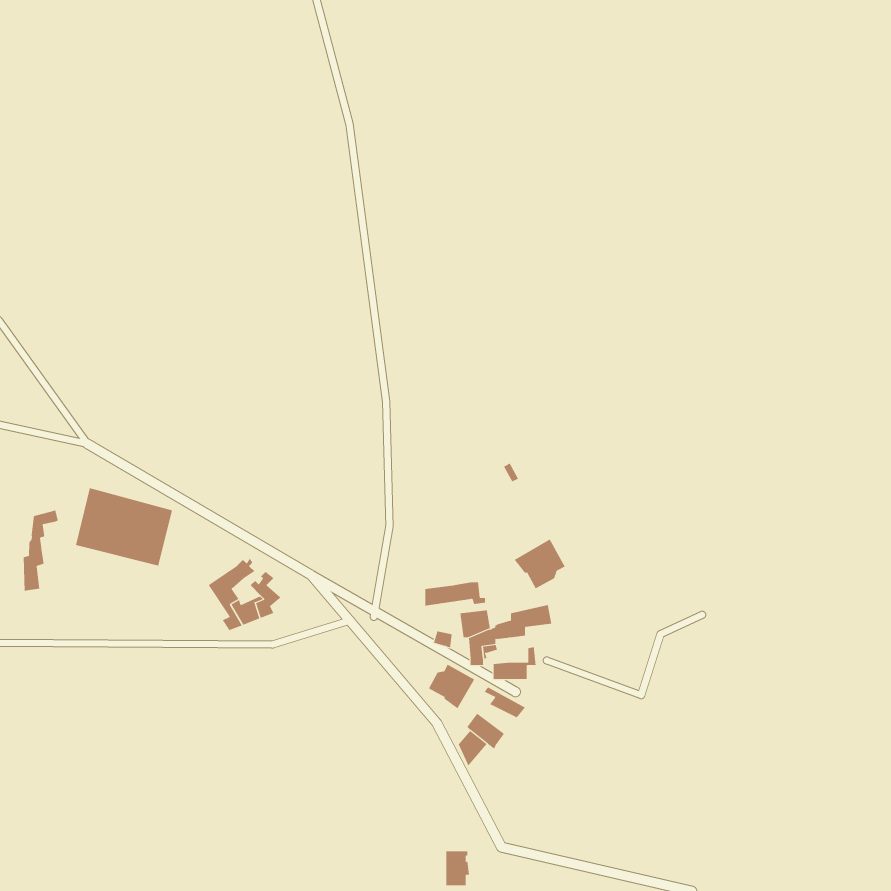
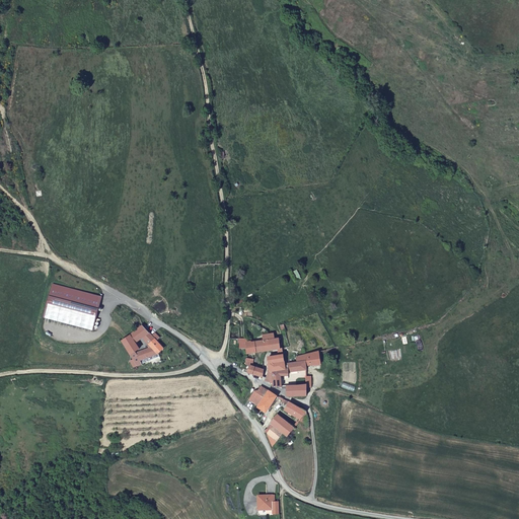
building: [23,509,59,591] -> none
building: [514,538,566,589] -> none

